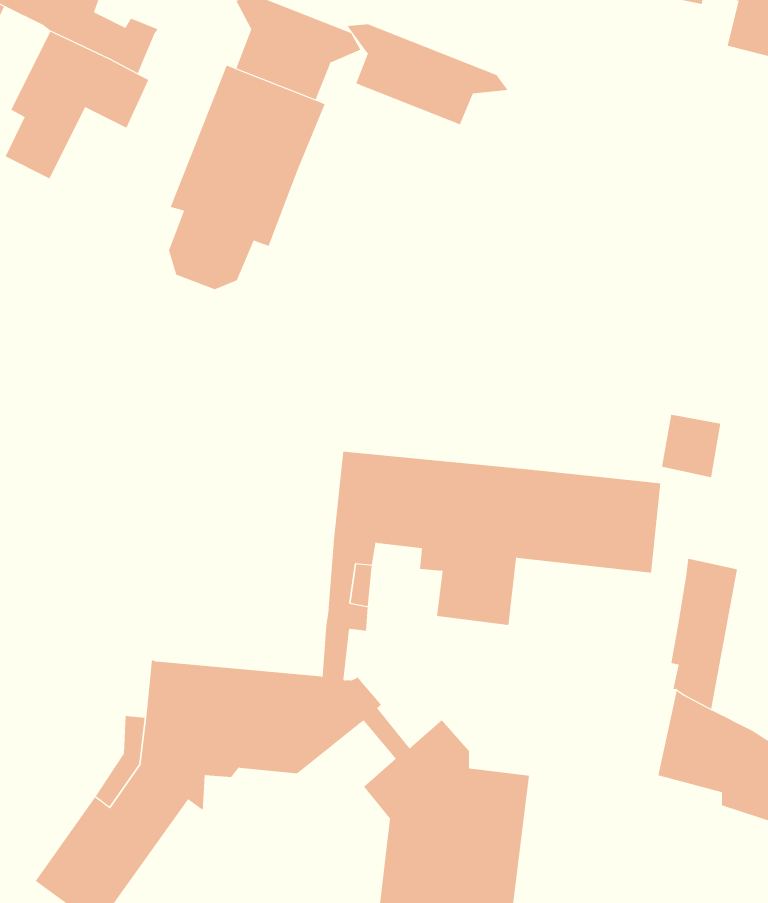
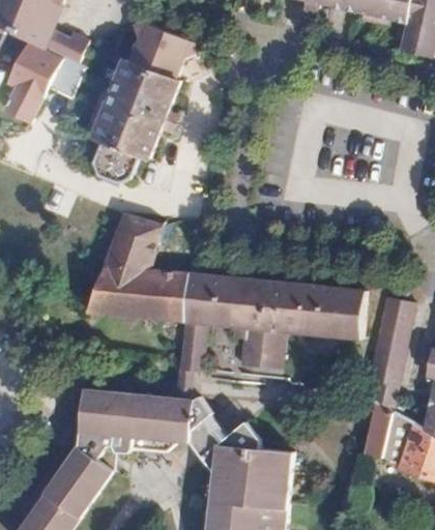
building: [346,24,509,125] -> none
building: none -> [89,213,190,322]
building: [661,414,721,478] -> [380,303,413,338]

